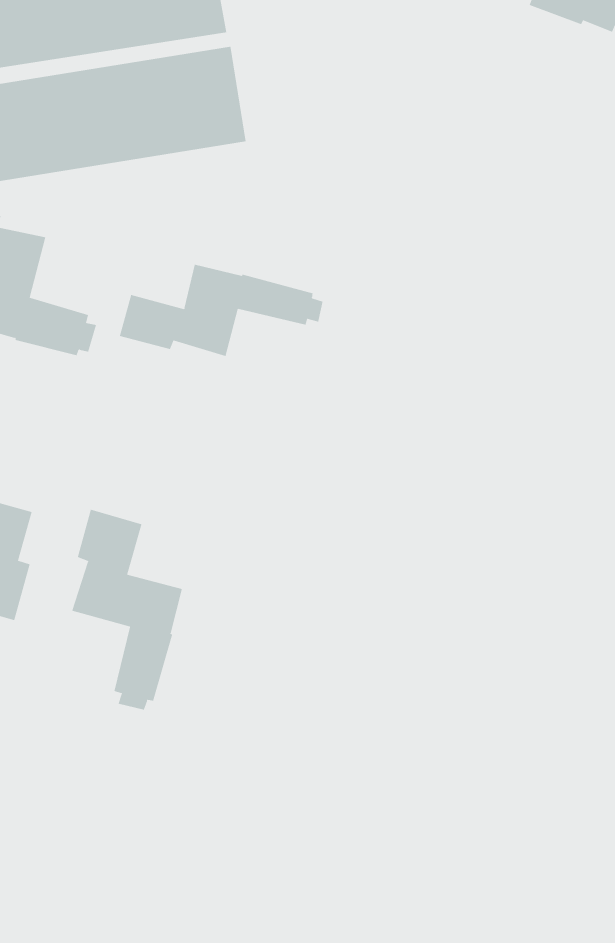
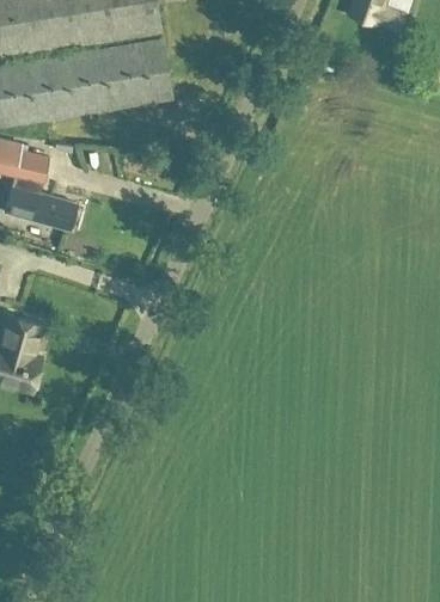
building: [119,264,323,357] -> none
building: [72,509,182,711] -> none

